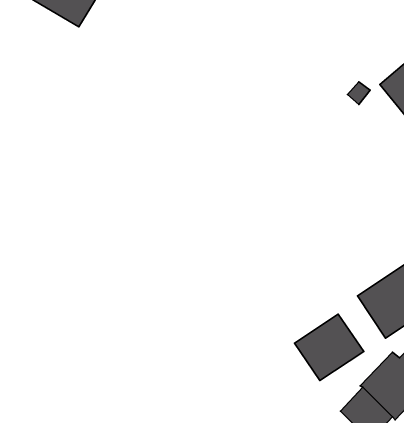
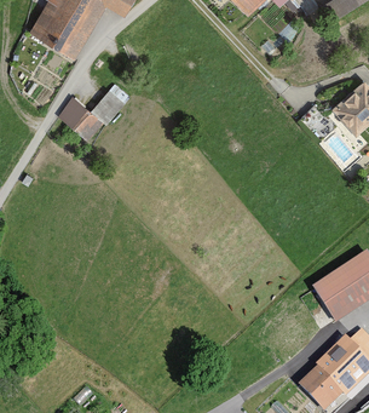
building: none -> [57,78,128,138]
building: [294,314,364,381] -> none

